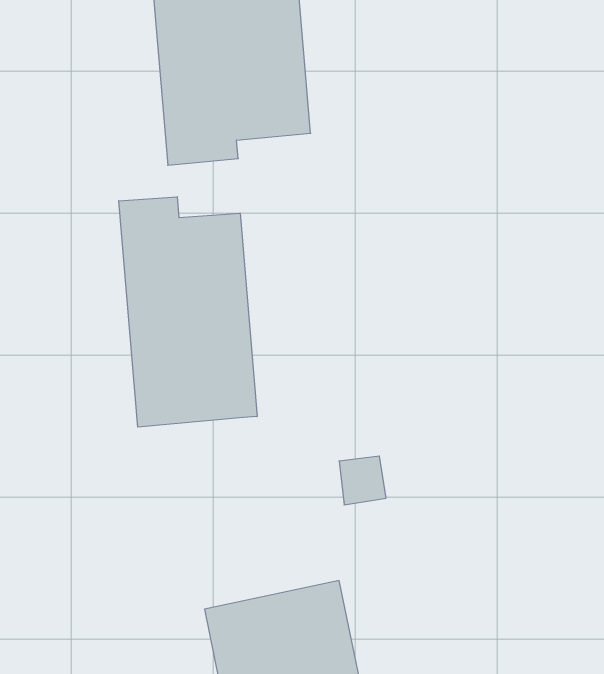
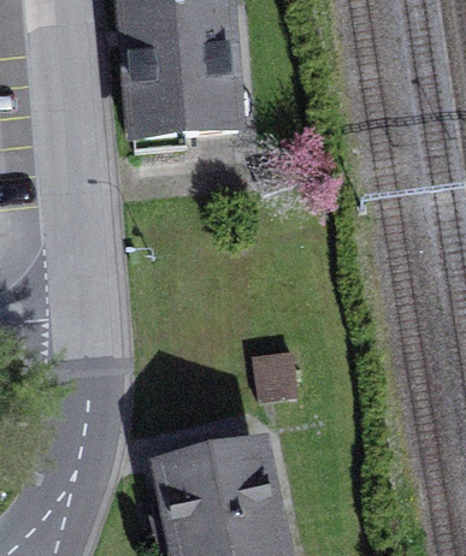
building: [119,197,257,427] -> none

